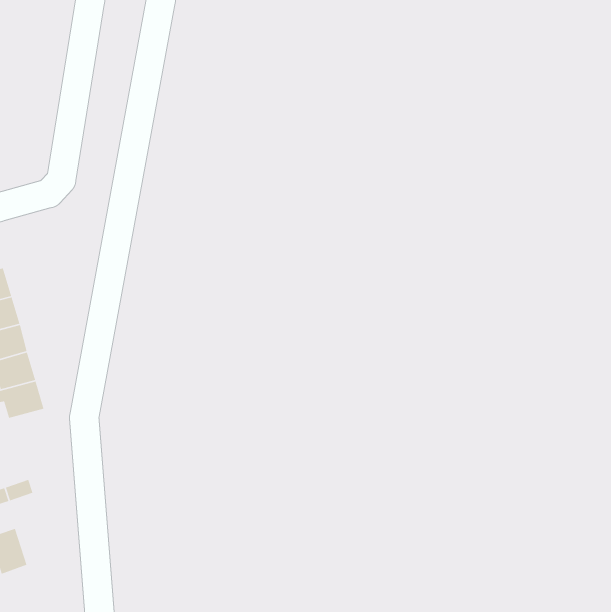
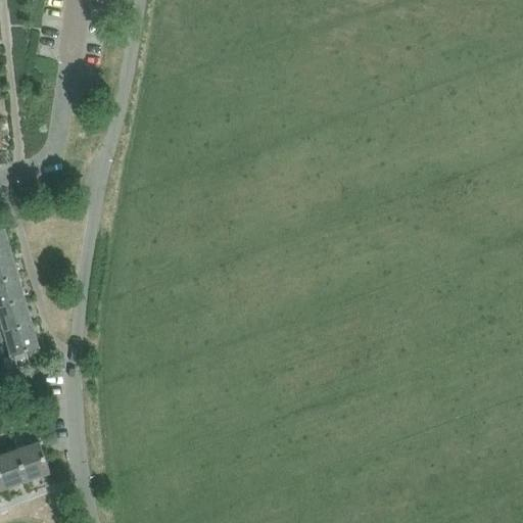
building: none -> [13,442,48,482]

